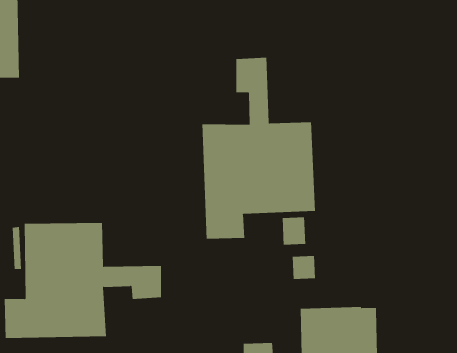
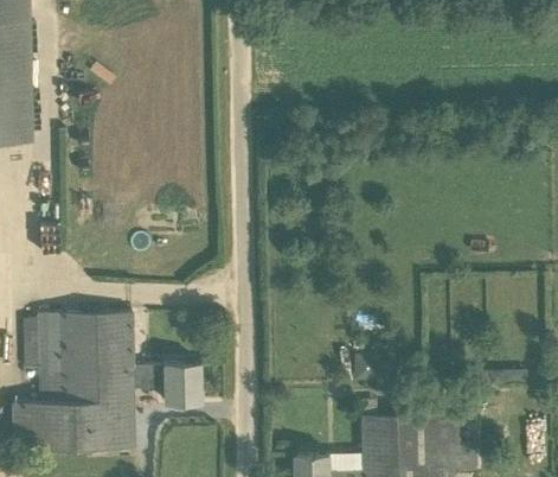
building: [202,57,316,240] -> none
building: [282,217,306,245] -> none

